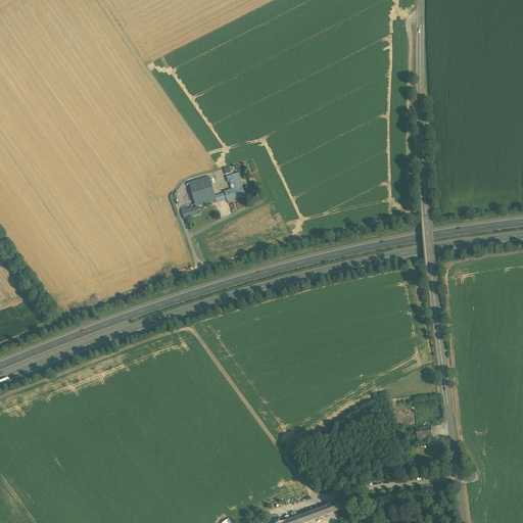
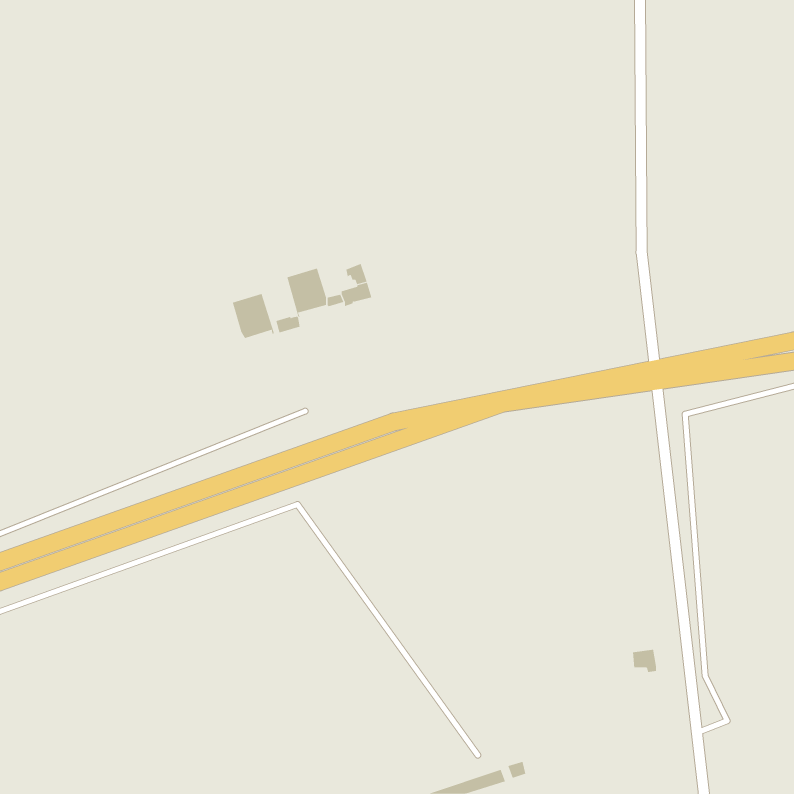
building: none -> [232,293,274,339]

